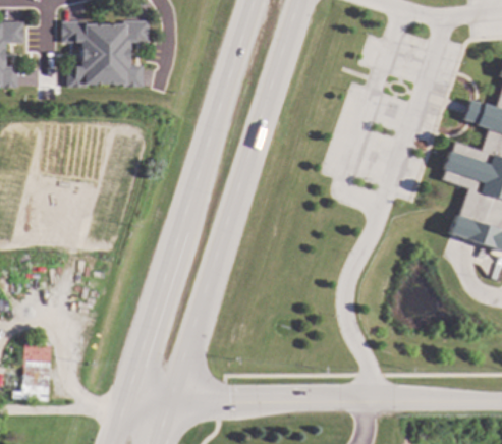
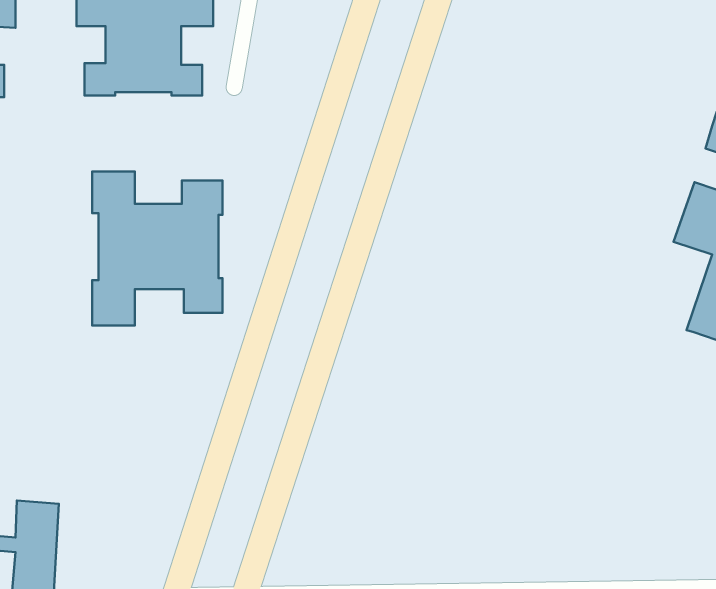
building: none -> [92,171,223,325]

